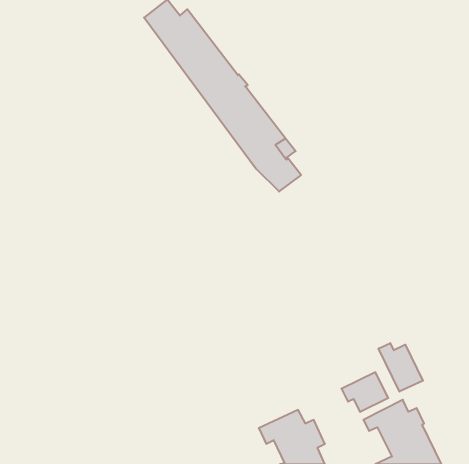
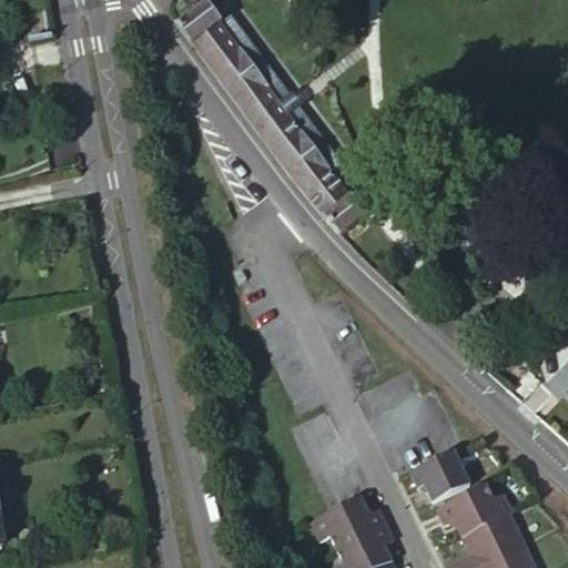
building: [379,343,423,392] -> none

